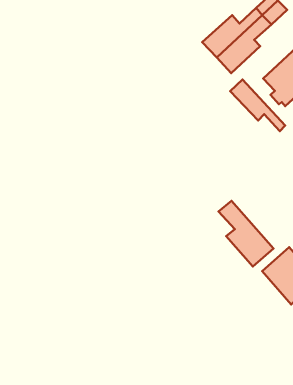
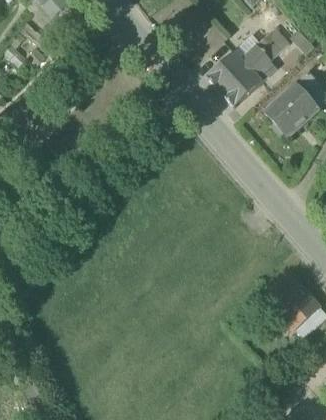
building: [230,80,285,131] -> none
building: [219,201,273,267] -> none

